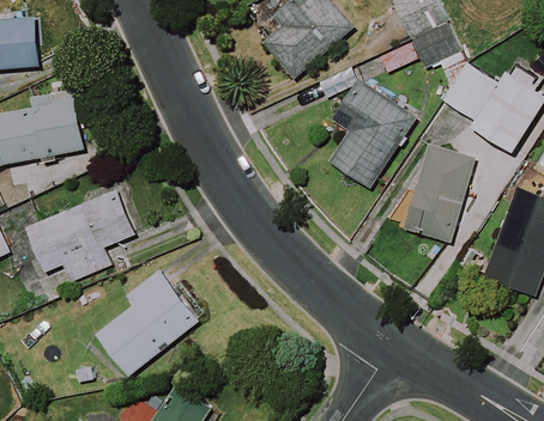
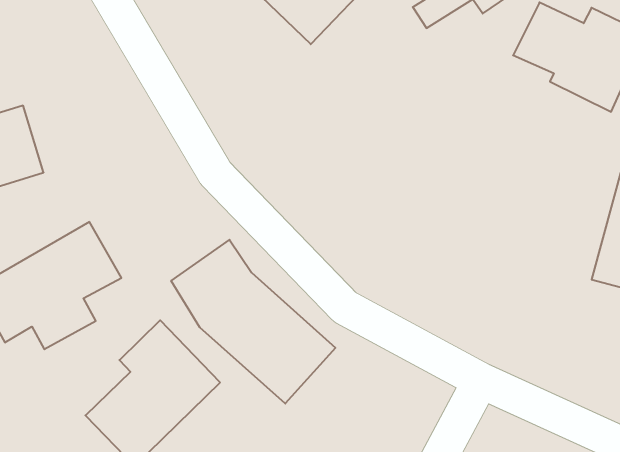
building: [330,78,417,187] -> none
building: [400,142,476,243] -> none
building: none -> [171,240,335,404]

